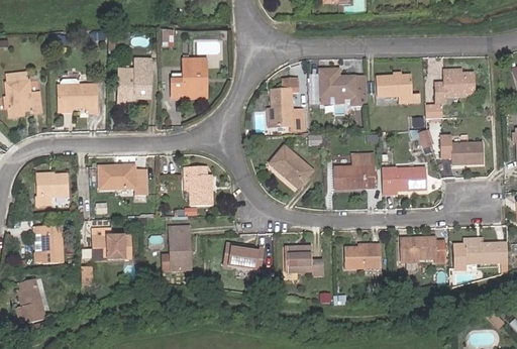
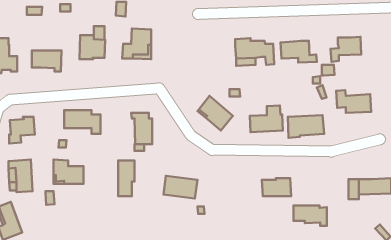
building: [269,78,300,130] -> none
building: [402,240,443,265] -> [294,205,327,226]
building: [287,245,326,274] -> none

